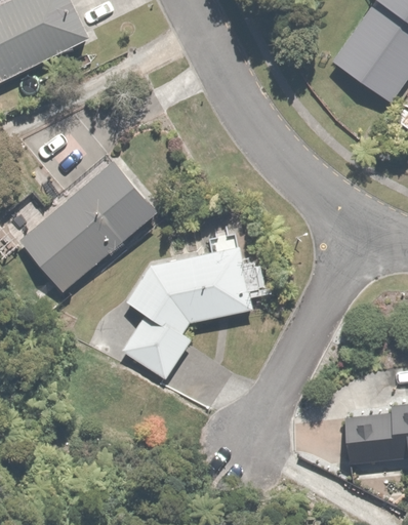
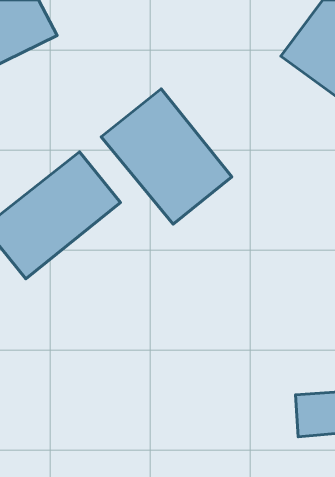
building: none -> [101,89,232,224]
building: [121,238,260,376] -> none

